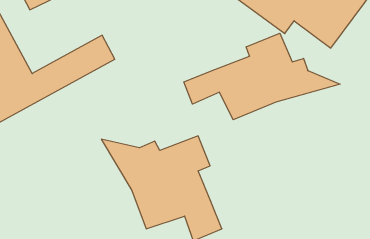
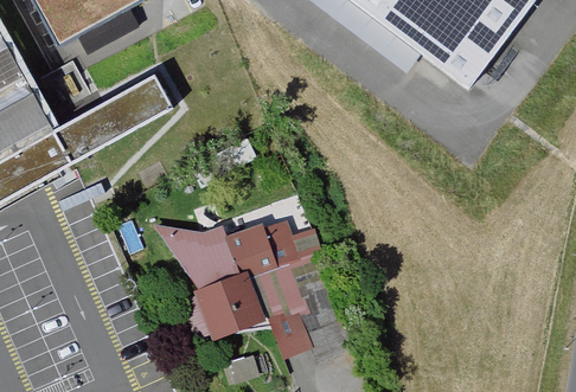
building: [184,33,340,120] -> none

